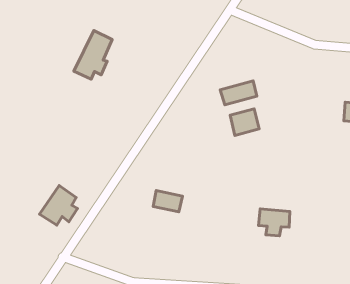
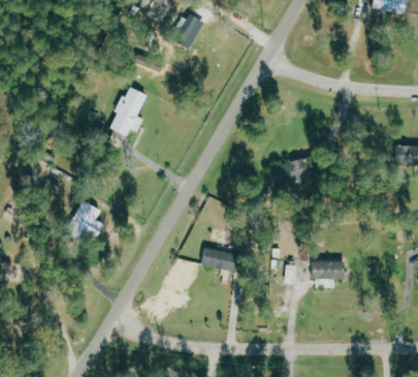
building: [220,81,257,105] -> none
building: [39,186,78,225] -> [65,200,104,242]

